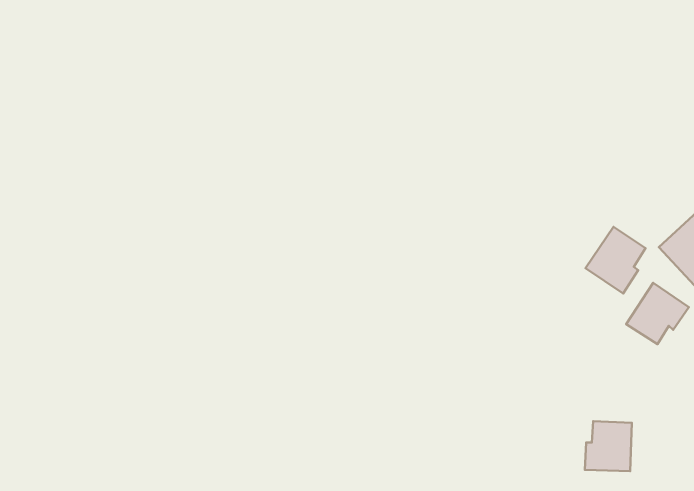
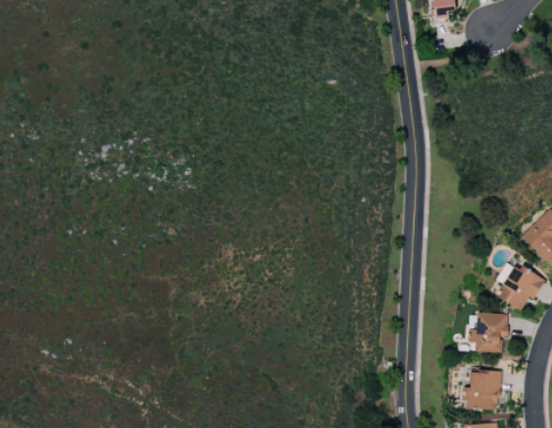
building: [585,227,645,294] -> none
building: none -> [468,312,508,351]

